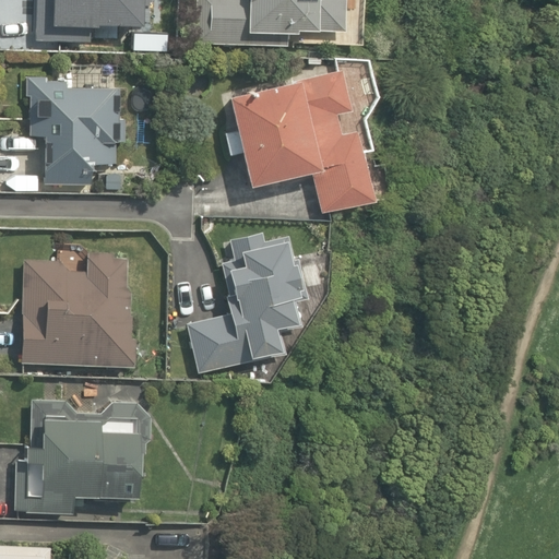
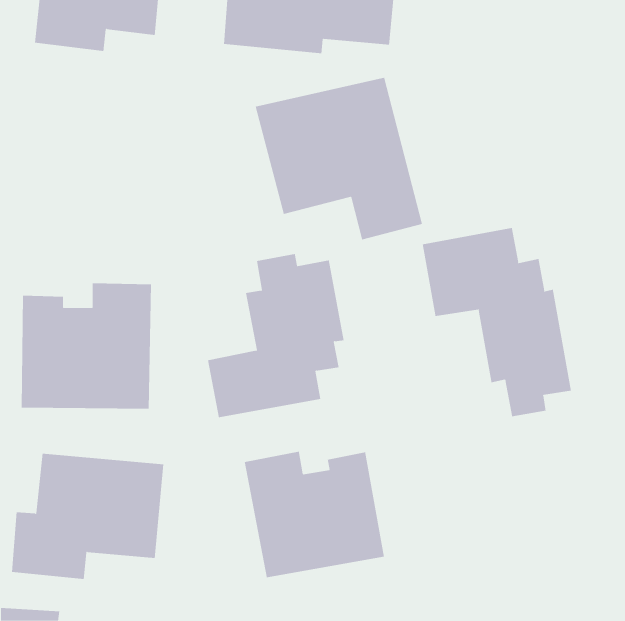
building: [27,80,119,177] -> none
building: none -> [422,227,572,417]
building: none -> [244,451,385,578]

